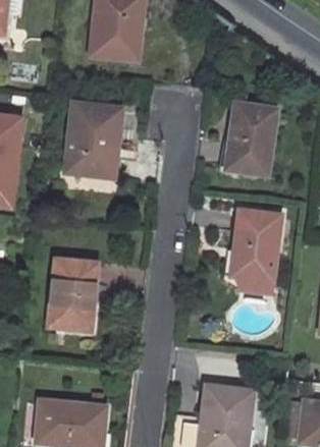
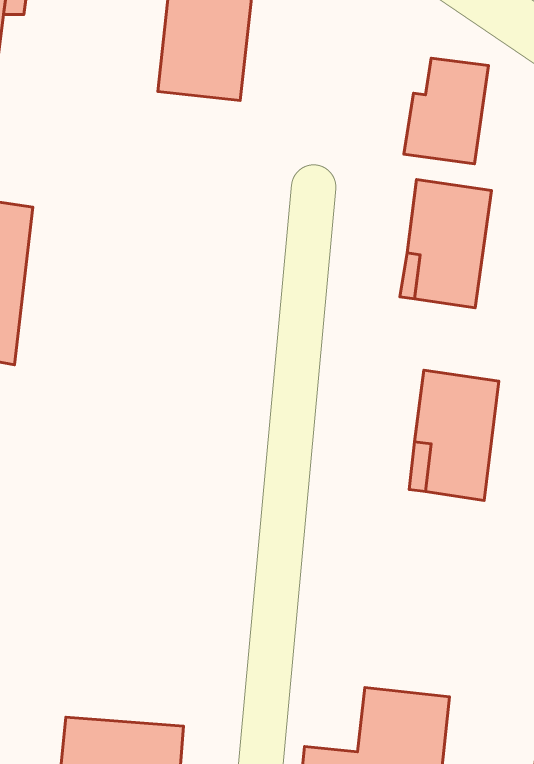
building: none -> [404,58,488,164]
building: [59,103,121,175] -> none
building: [49,260,97,329] -> none

